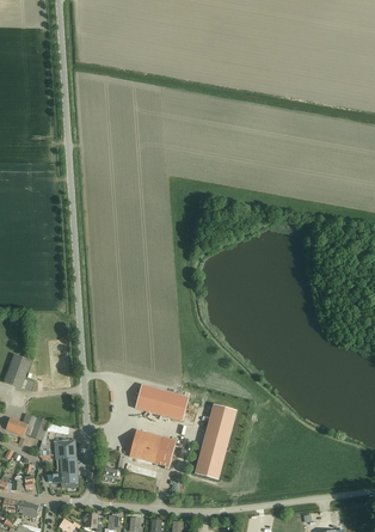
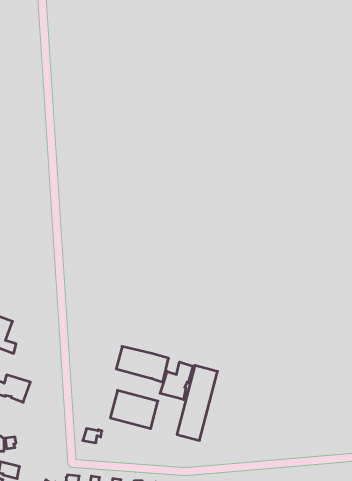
building: none -> [160,362,193,400]
building: [51,439,78,485] -> none

